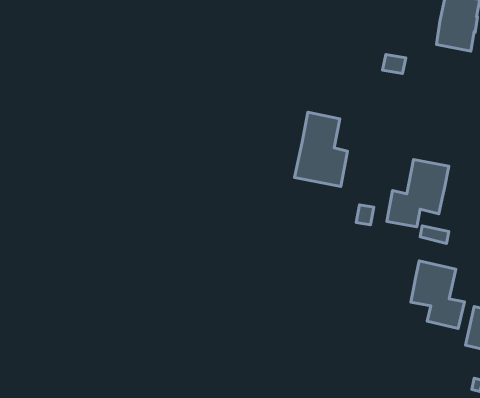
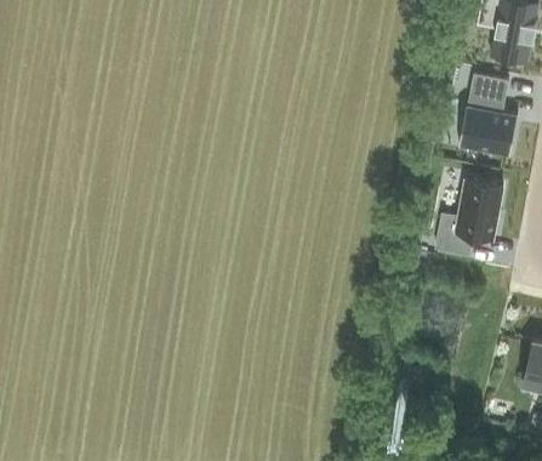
building: [295,112,348,186] -> [458,74,517,155]
building: [411,261,464,328] -> none

